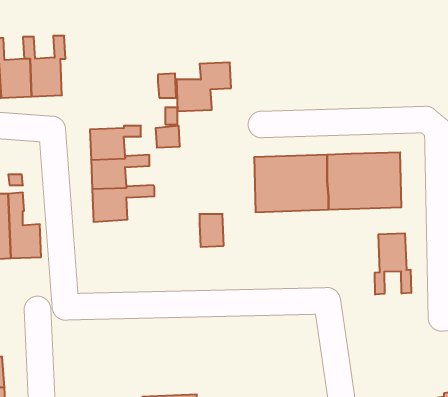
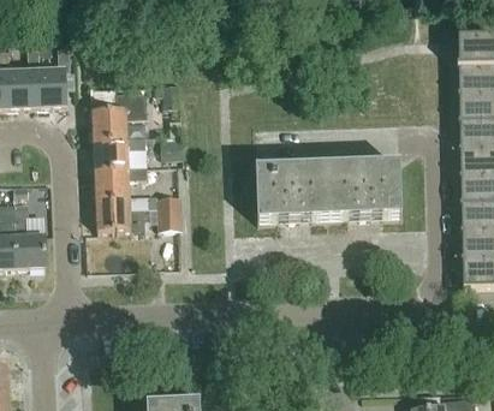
building: [176,63,231,111] -> [93,93,147,141]
building: [199,214,224,247] -> [157,197,181,230]
building: [375,233,411,295] -> none

